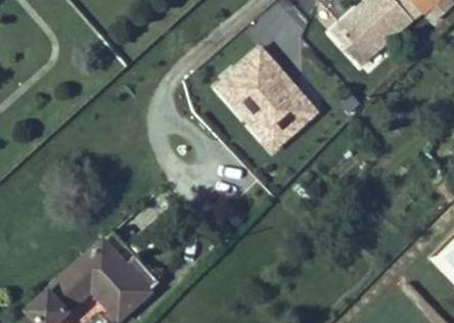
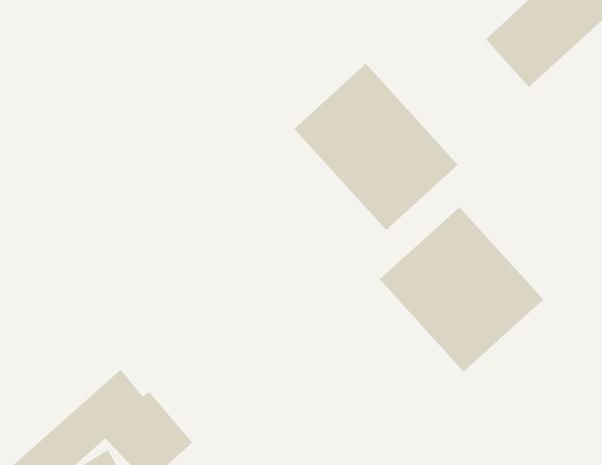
building: none -> [379,206,544,372]

